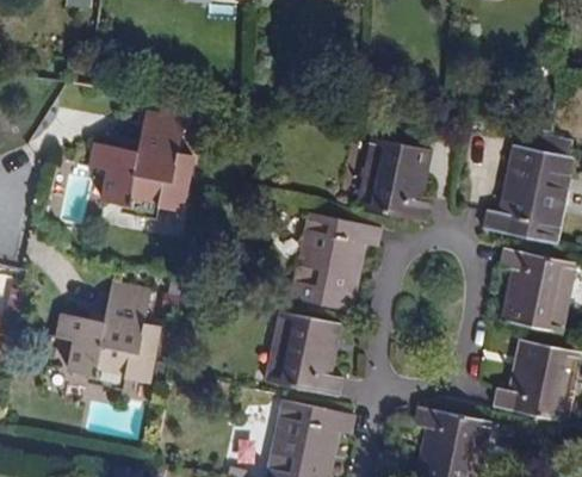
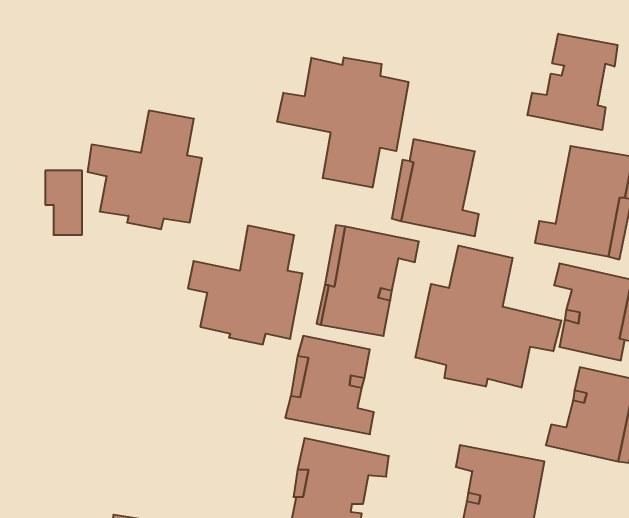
building: none -> [527,34,617,130]
building: none -> [277,57,408,188]
building: none -> [415,246,561,388]
building: [58,281,159,385] -> [188,226,303,344]

